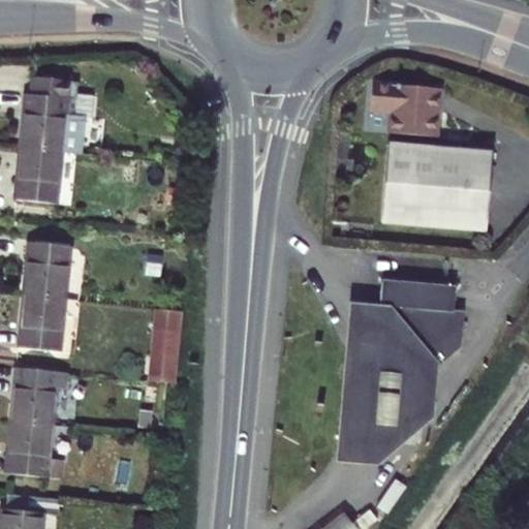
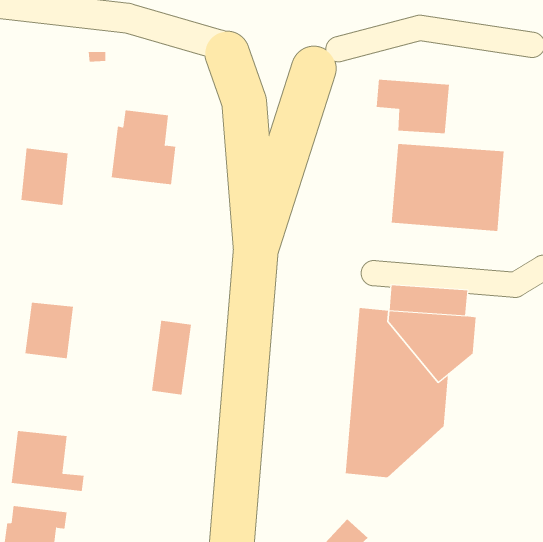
building: [25,83,88,155] -> [111,110,176,185]
building: [30,245,76,301] -> none
building: [17,370,82,426] -> none

